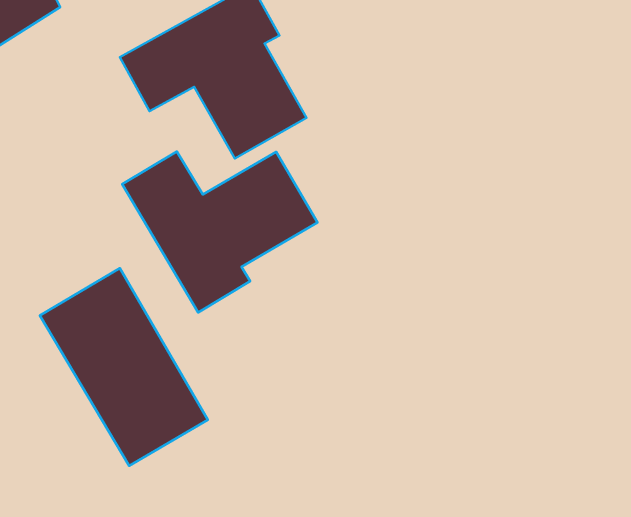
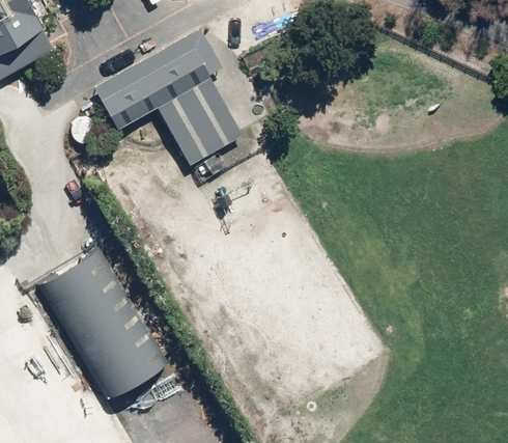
building: [122,151,317,312] -> none

